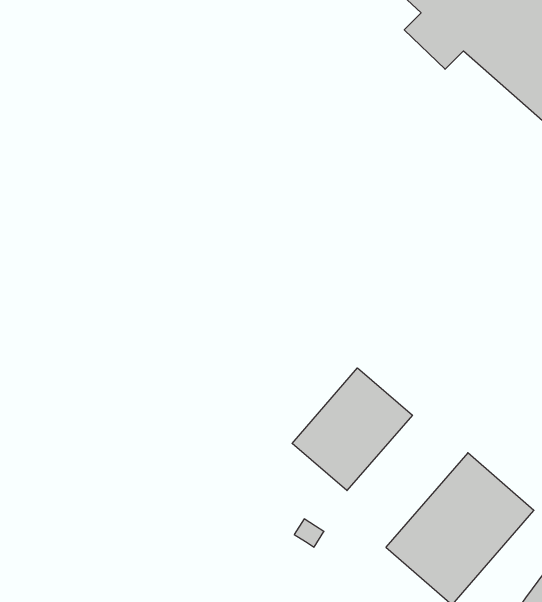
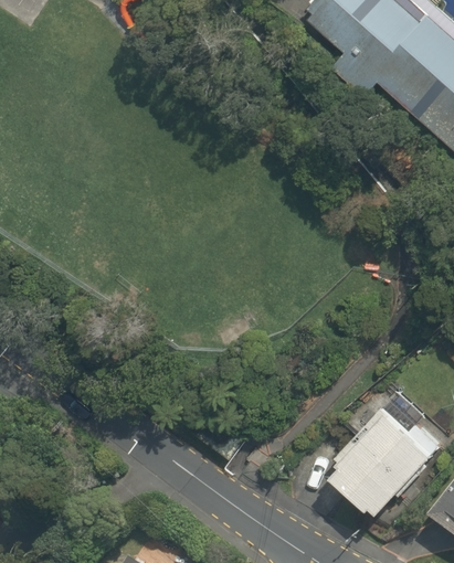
building: [292,368,412,491] -> none

